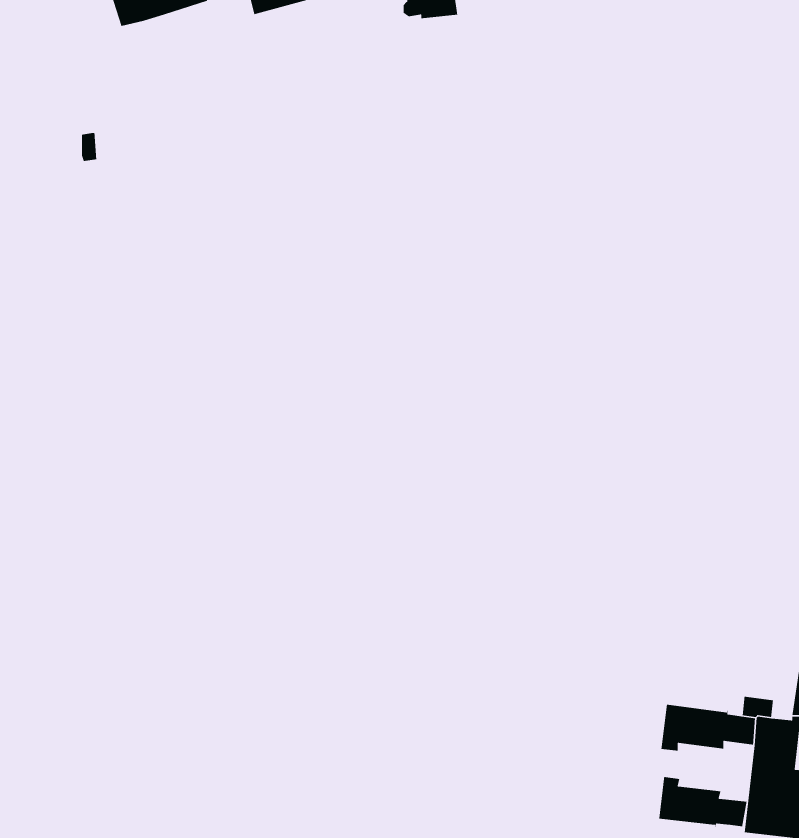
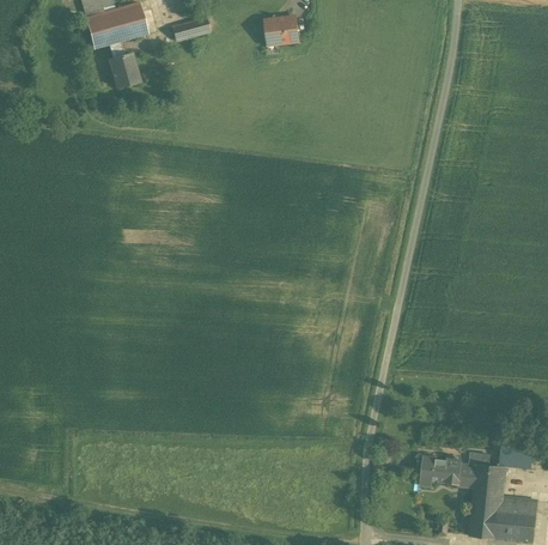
building: none -> [109,41,139,86]
building: [658,776,748,828] -> none

